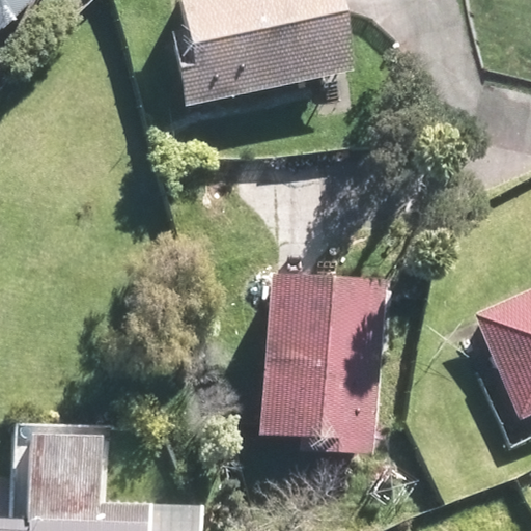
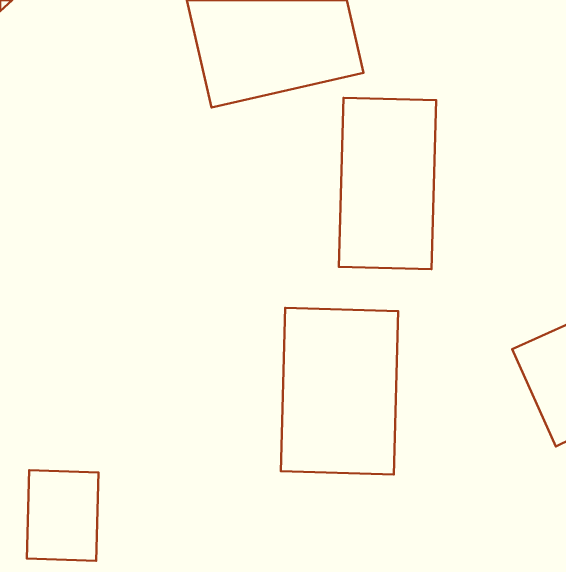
building: none -> [339,98,436,269]

